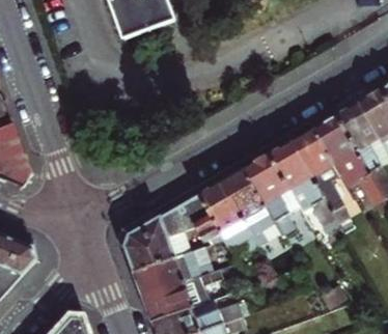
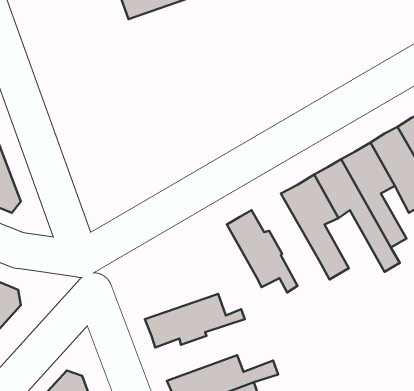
building: [220,169,275,259] -> none
building: [126,194,225,271] -> none
building: [142,271,219,321] -> none

